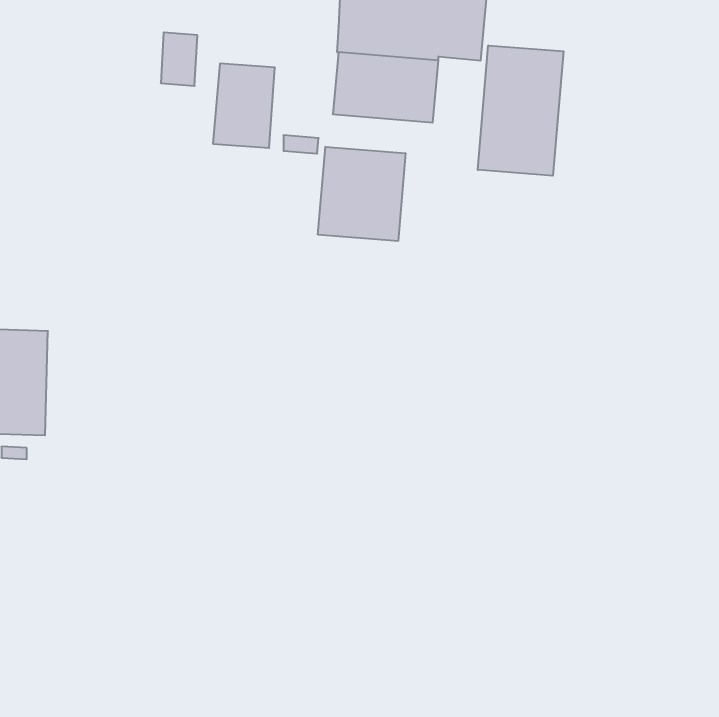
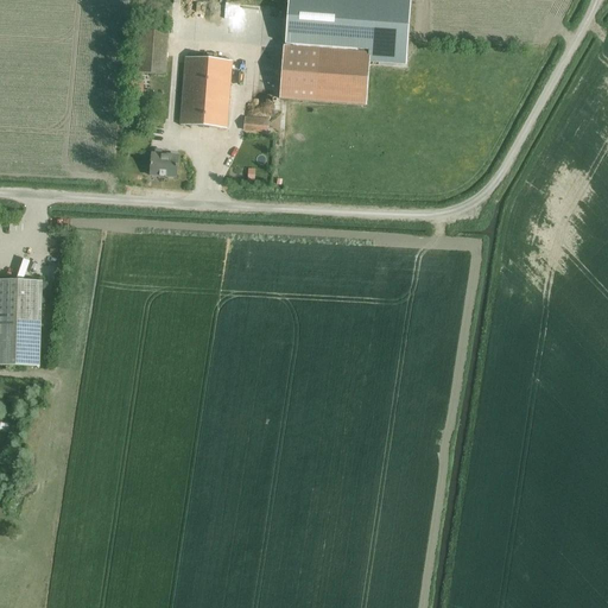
building: [478,45,563,176] -> none
building: [318,147,405,241] -> none
building: none -> [148,152,177,176]

